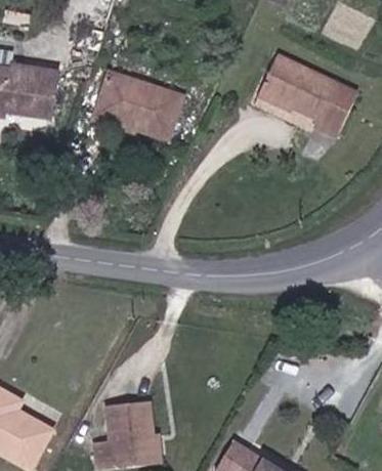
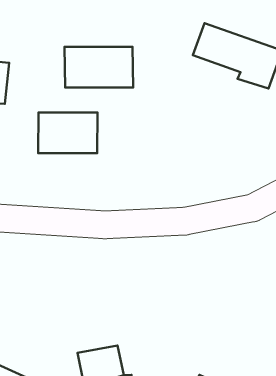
building: none -> [38,112,98,153]

